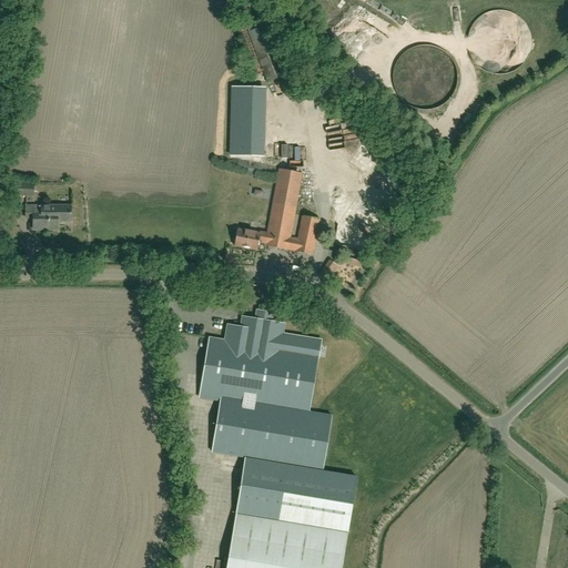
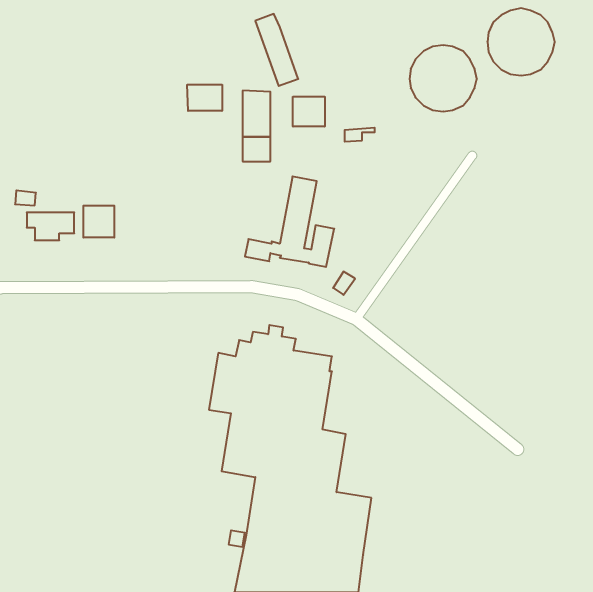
building: none -> [187,85,222,111]
building: none -> [293,97,325,127]
building: none -> [83,206,114,238]

